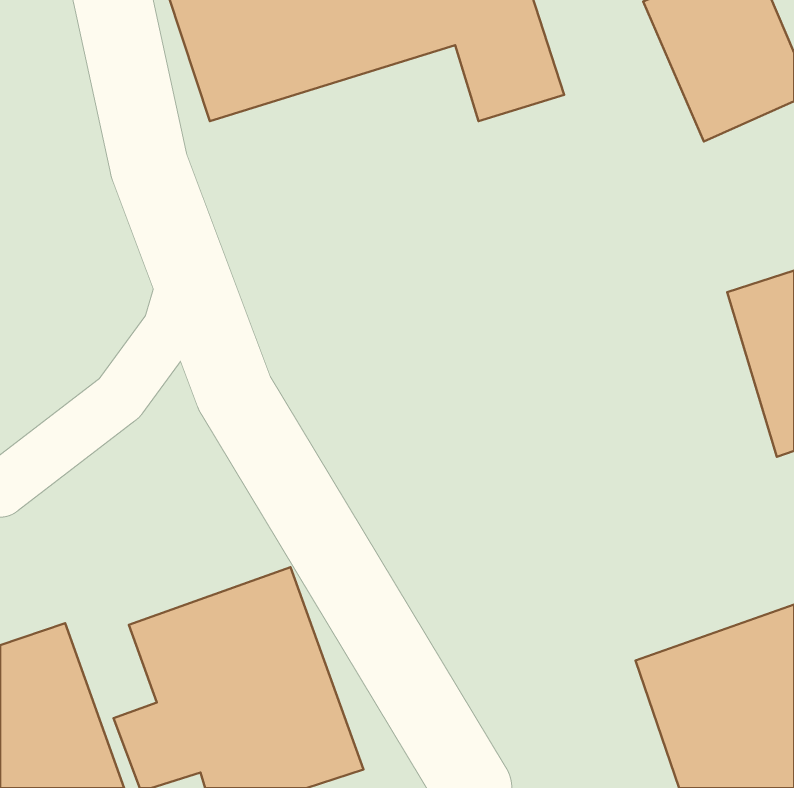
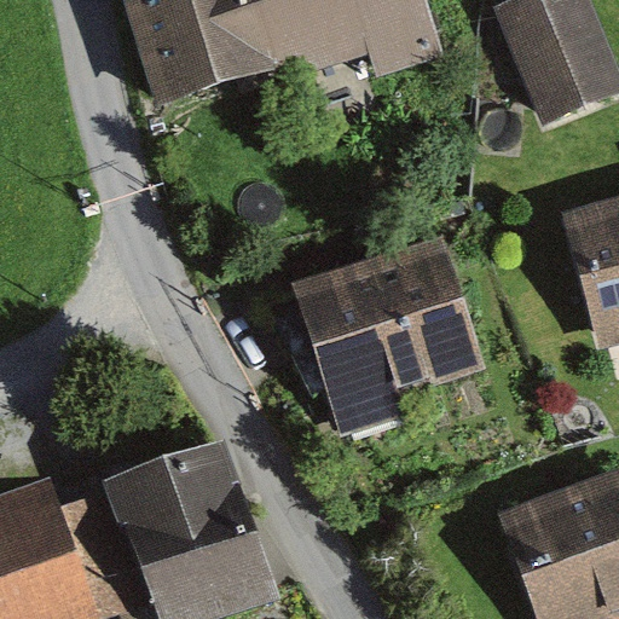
building: none -> [294,245,481,445]

